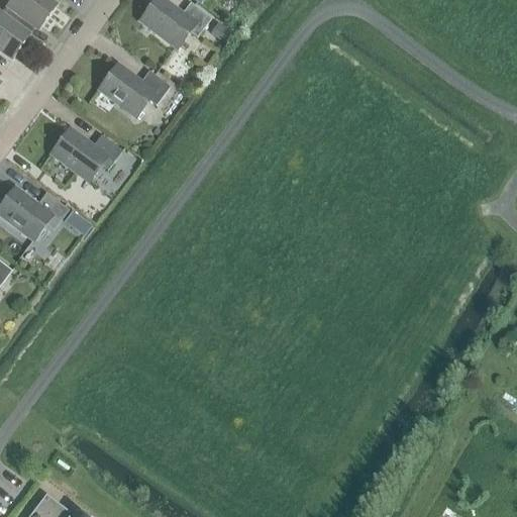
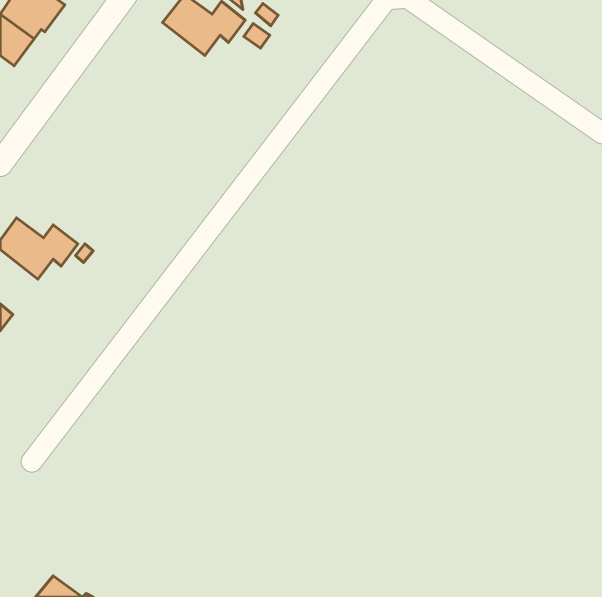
building: [99,64,170,116] -> none
building: [50,127,121,180] -> none

